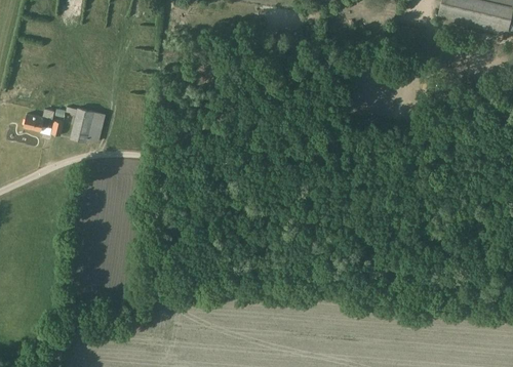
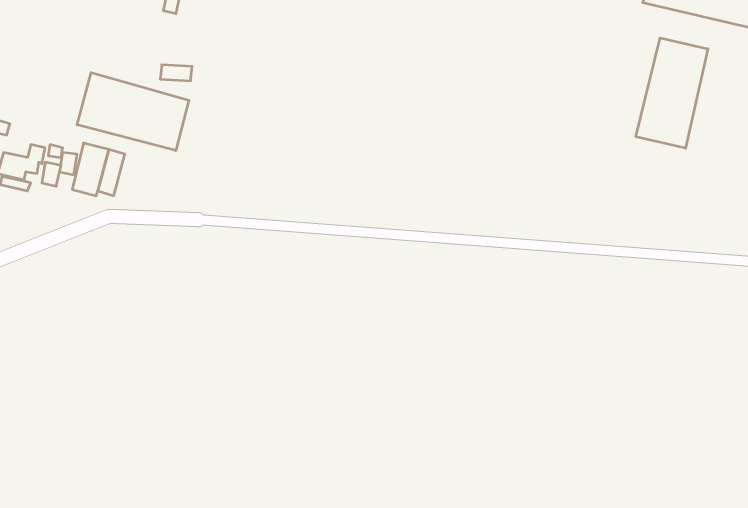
building: none -> [636,38,708,148]
building: none -> [77,73,189,151]

